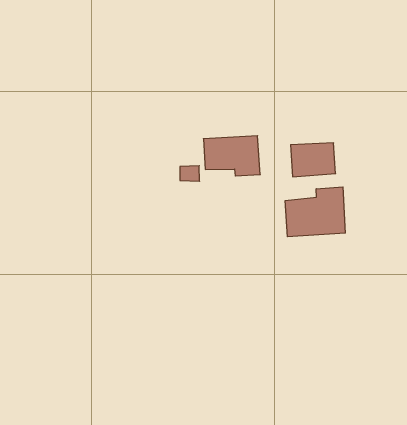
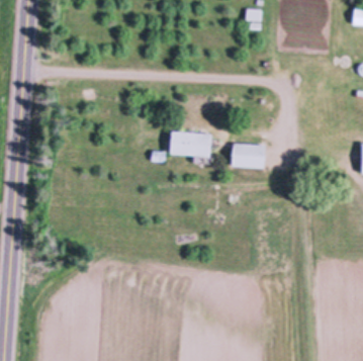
building: [285,187,345,237] -> none

